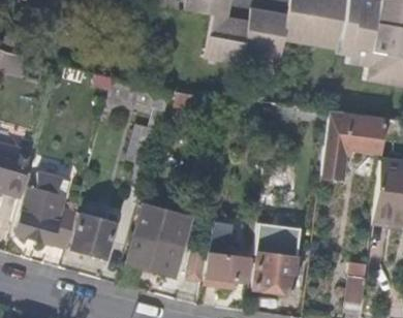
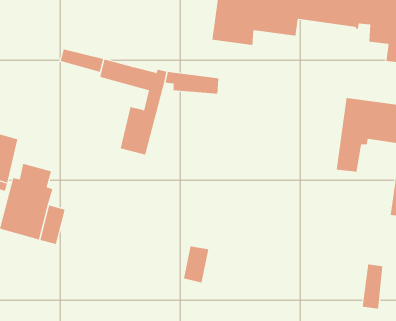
building: [126,204,190,275] -> none
building: [70,213,114,257] -> none
building: [204,223,247,286] -> none
building: [251,225,299,293] -> none

